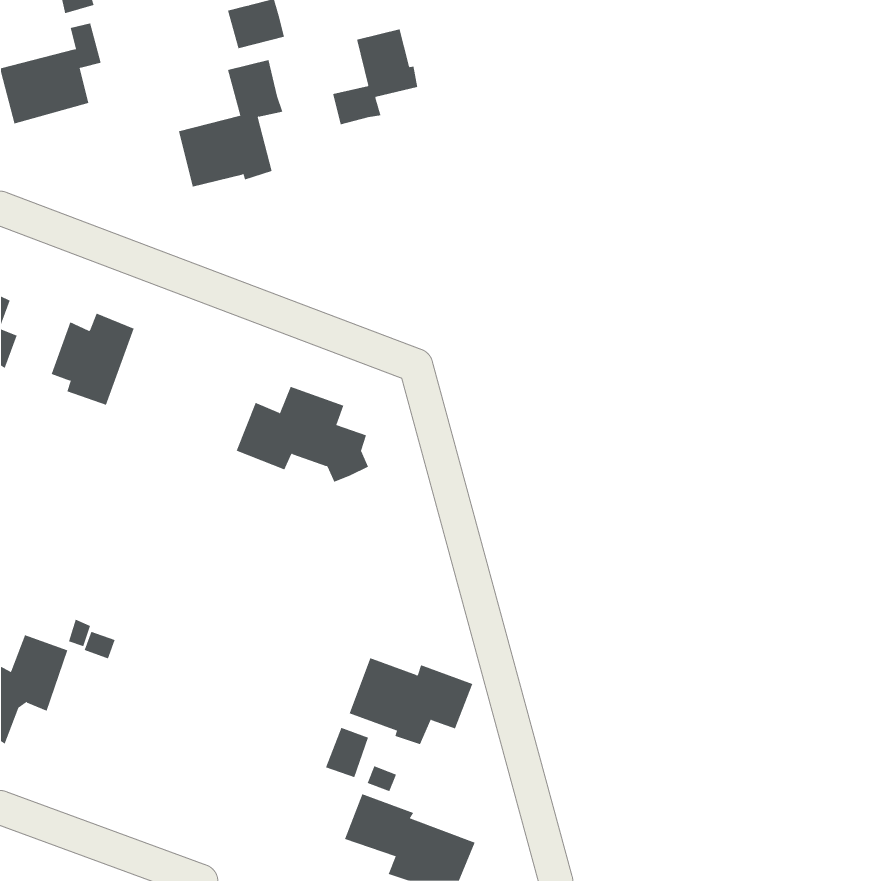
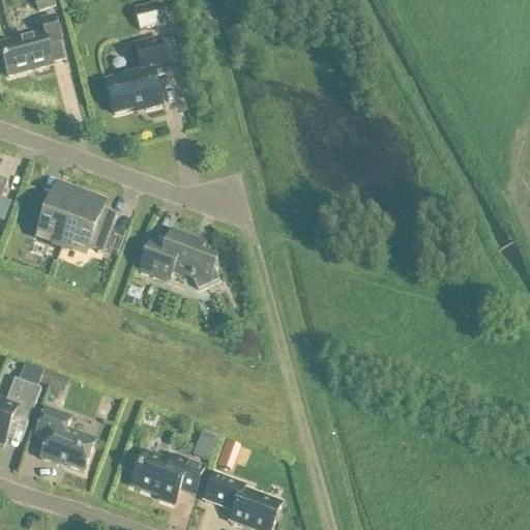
building: [332,28,418,125] -> none
building: none -> [63,195,116,248]
building: [349,658,473,745] -> [131,448,205,500]
building: none -> [35,405,95,469]

